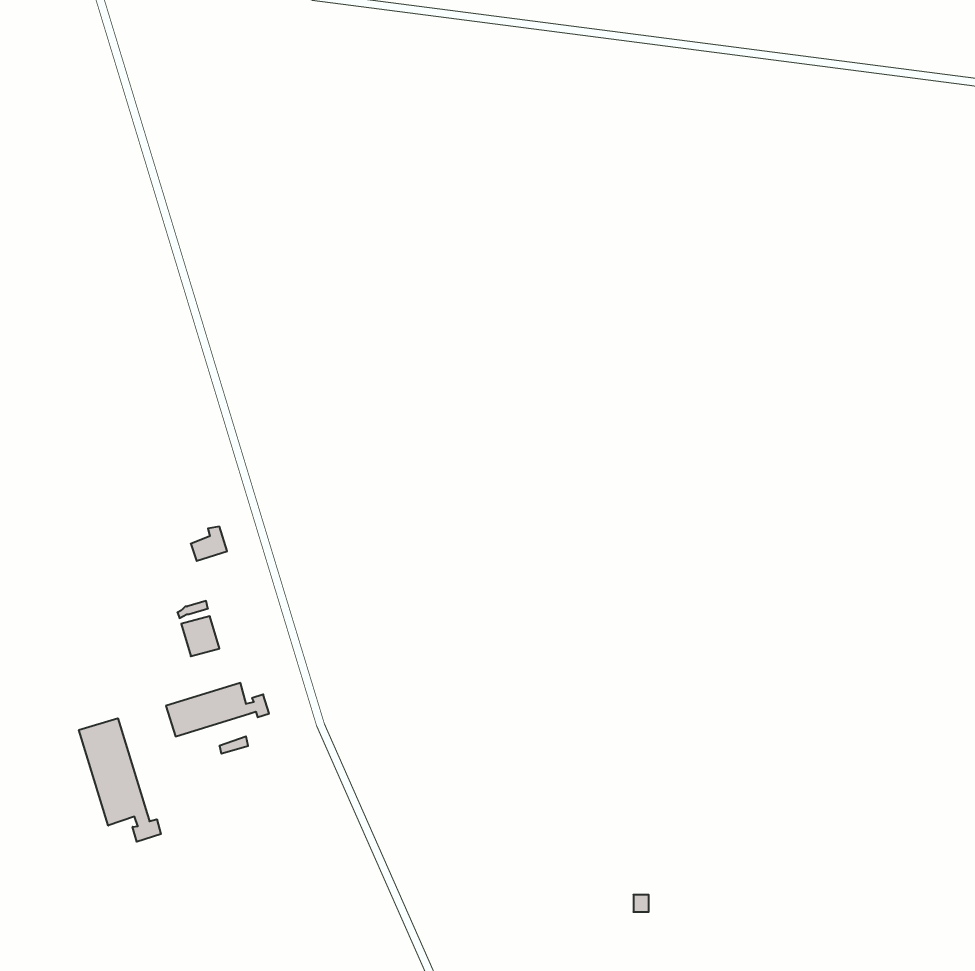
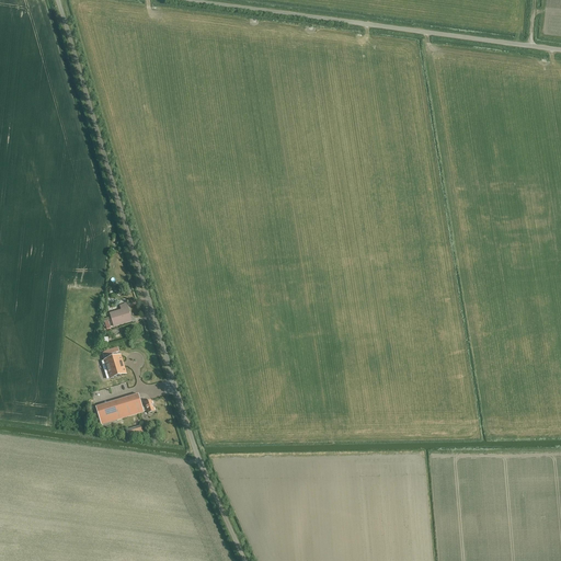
building: [79,718,161,842] -> none

